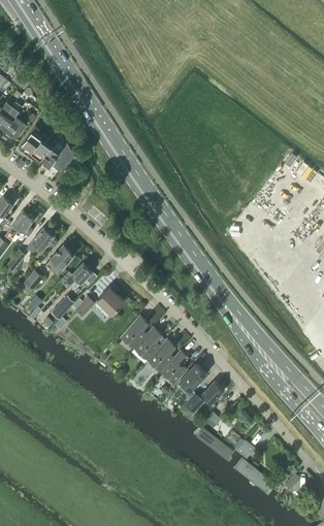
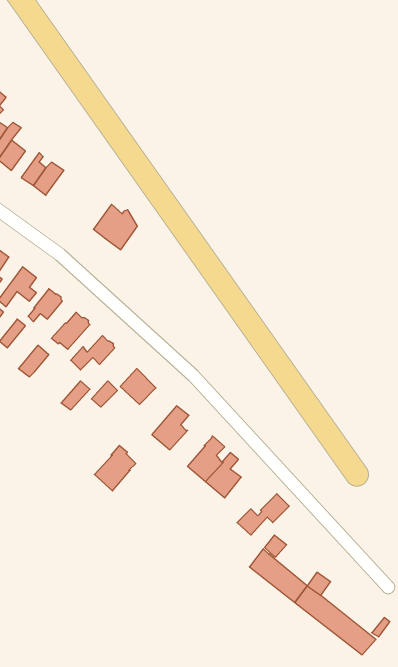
building: [41,139,74,173] -> [93,204,137,250]
building: [134,327,165,361] -> [94,445,136,491]
building: [176,364,206,398] -> none

